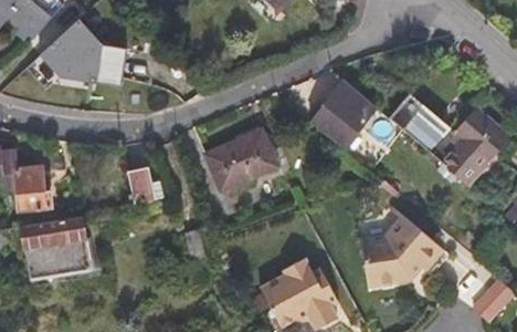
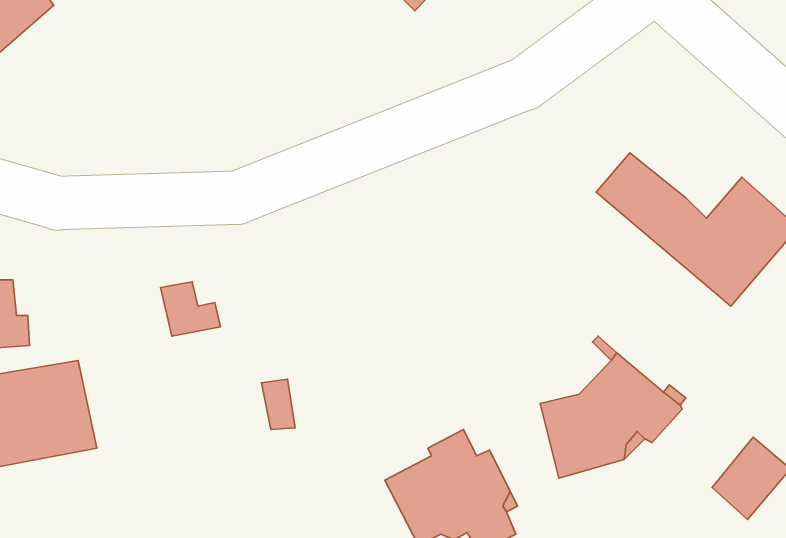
building: [41,18,126,82] -> none
building: [312,84,376,148] -> none
building: [205,133,276,190] -> none

